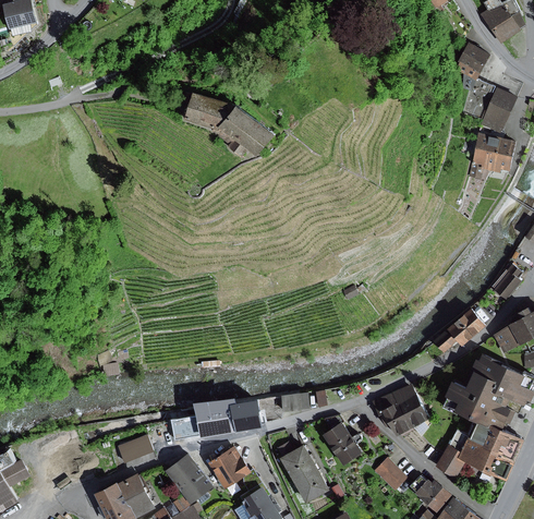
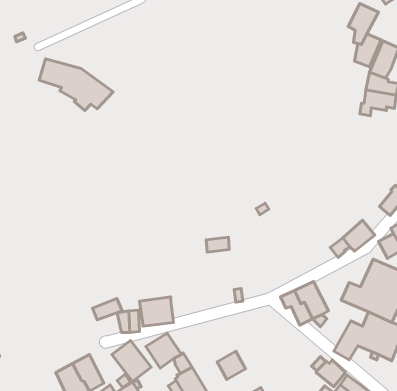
building: [184,93,275,156] -> [39,59,113,111]
building: [280,393,308,411] -> [206,237,229,252]
building: [236,401,269,432] -> none
building: [321,421,362,464] -> none
building: [119,435,155,461] -> [93,299,122,320]
building: [275,442,316,480] -> none
building: [374,458,408,491] -> none

